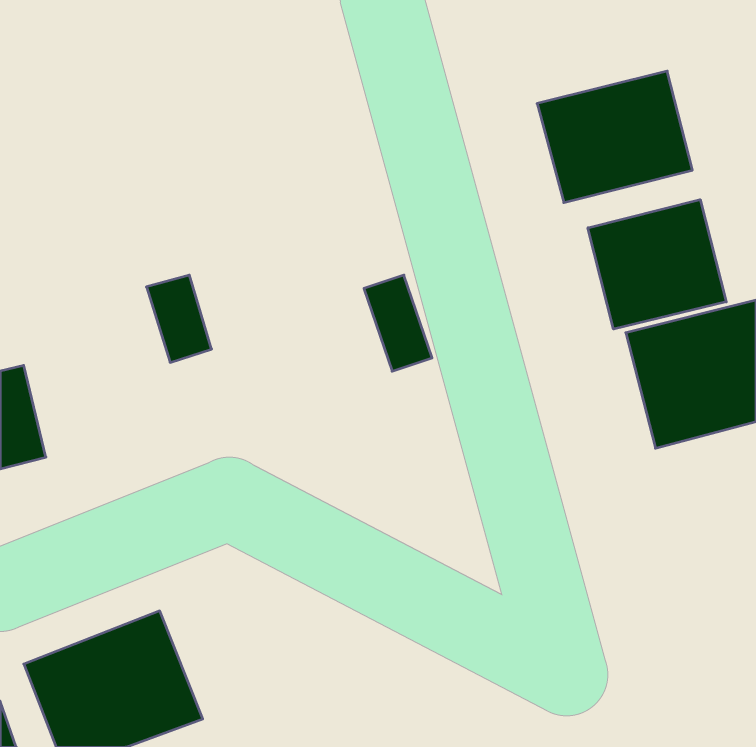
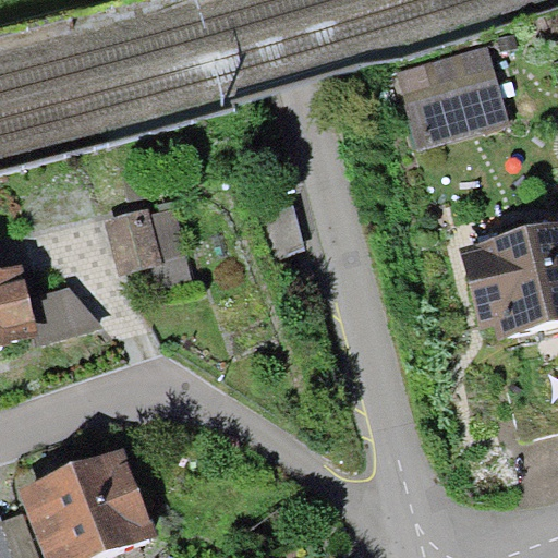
building: [588,200,726,329] -> none

